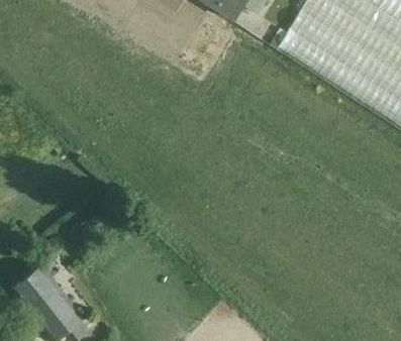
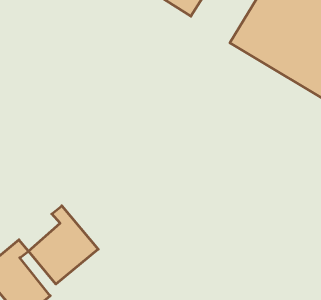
building: none -> [28,206,98,284]

